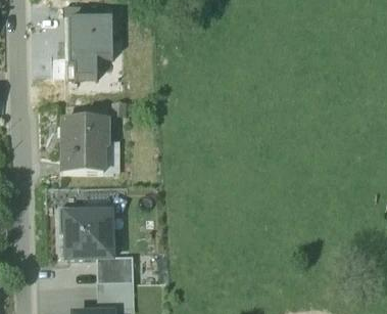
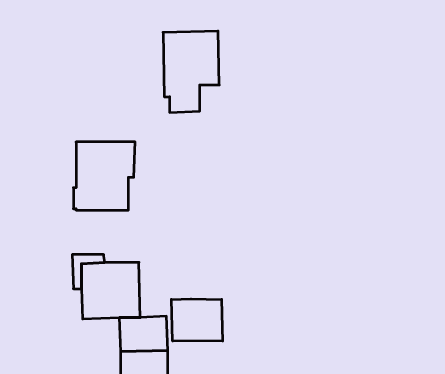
building: [66,13,110,77] -> [163,31,219,112]
building: none -> [171,299,223,341]

